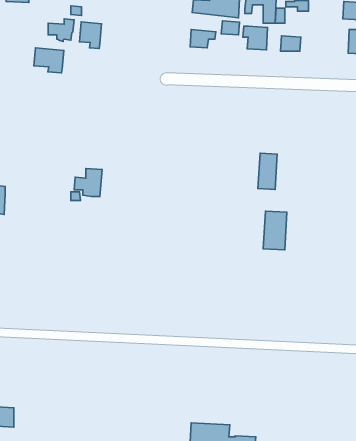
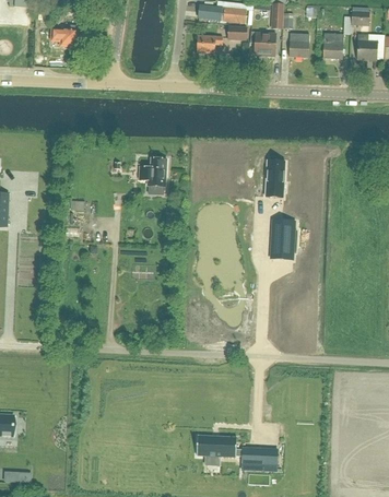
building: [79,22,102,48] -> none
building: none -> [322,33,342,59]
building: [34,48,64,73] -> none
building: [74,168,102,196] -> [138,157,166,186]

